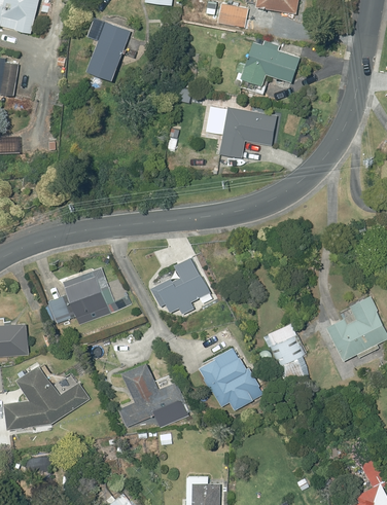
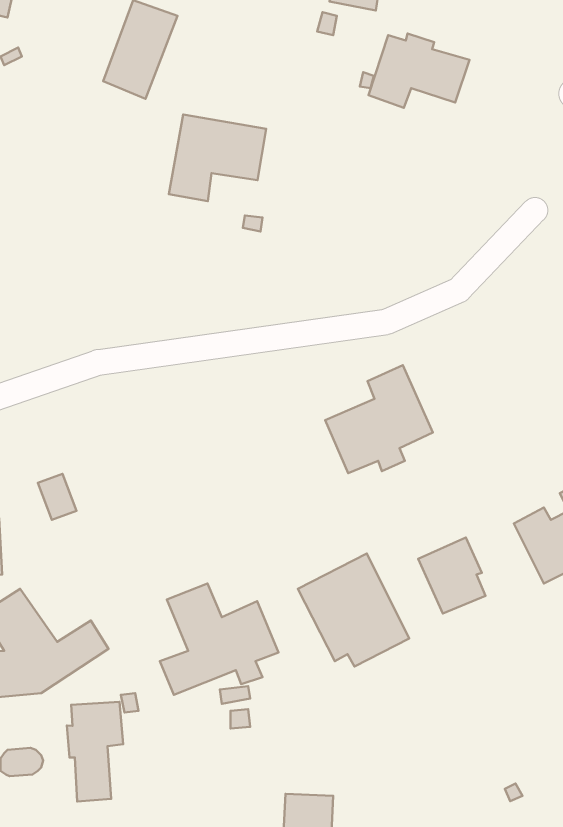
building: [218,107,275,157] -> [169,115,266,201]
building: [148,253,211,316] -> [325,365,433,473]
building: [63,276,113,326] -> none
building: none -> [67,702,123,801]

